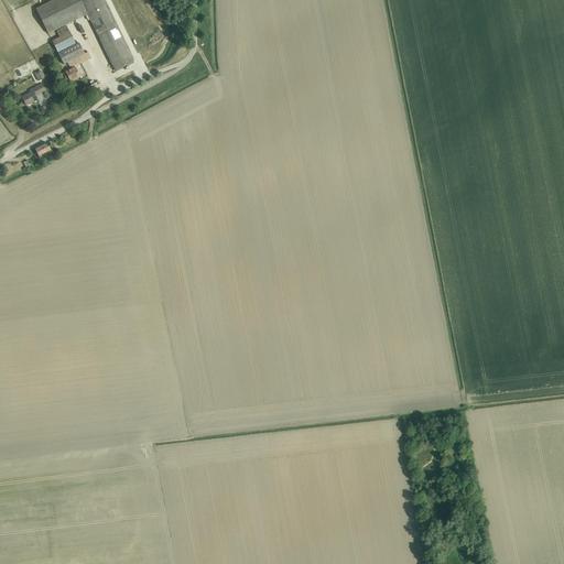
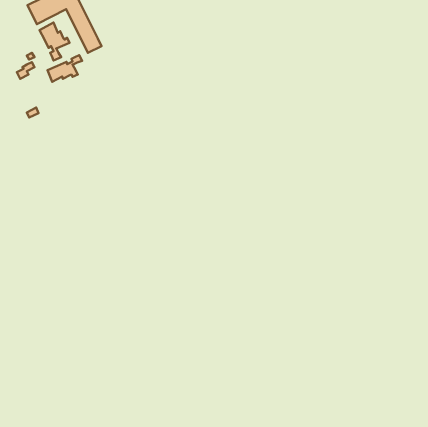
building: none -> [47,55,82,82]

